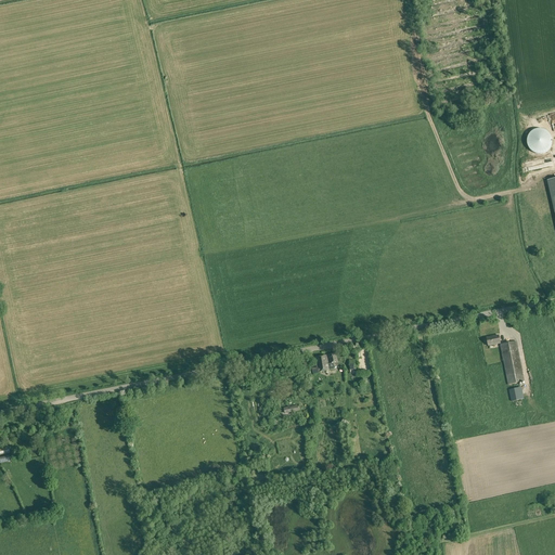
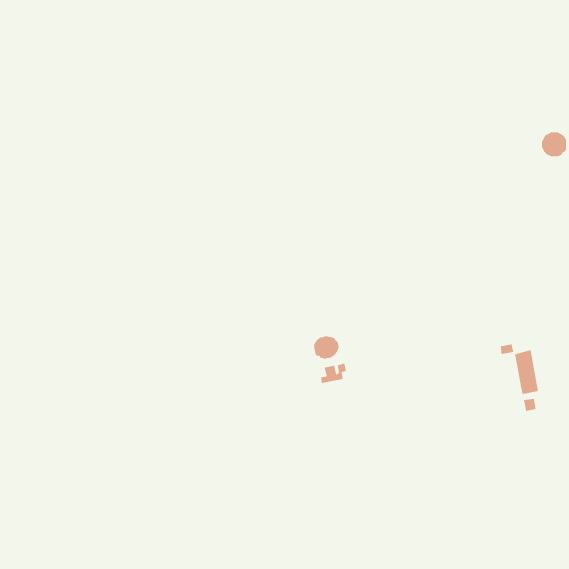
building: none -> [313,335,339,359]

